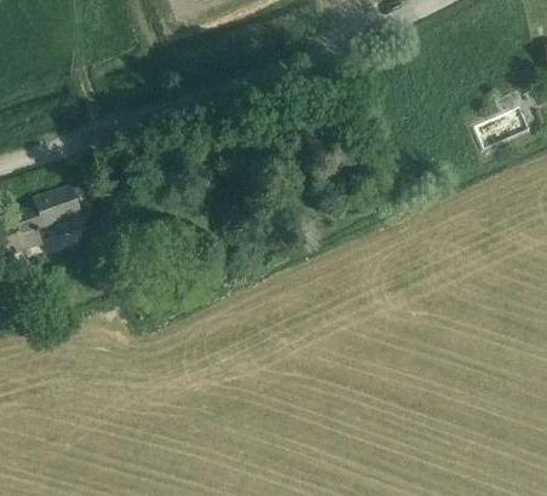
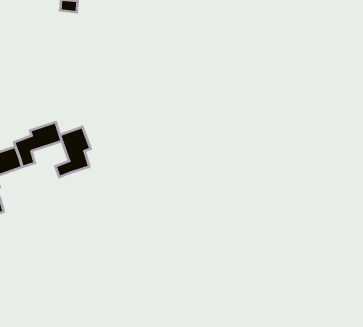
building: none -> [55,127,90,177]

